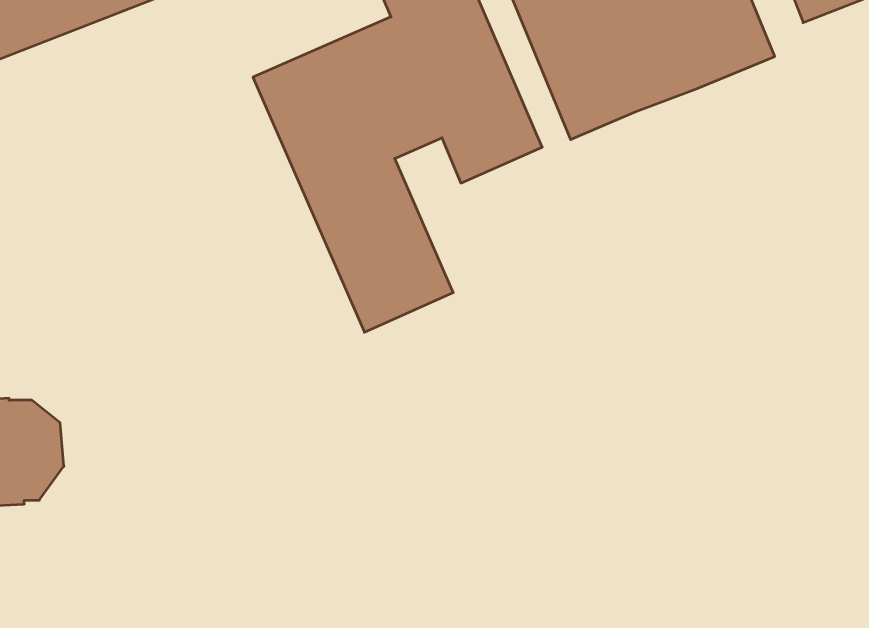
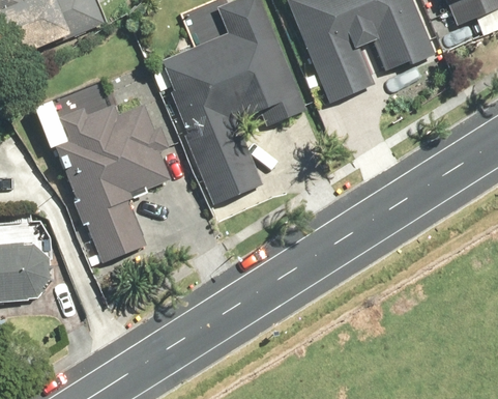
building: none -> [51,93,181,263]

